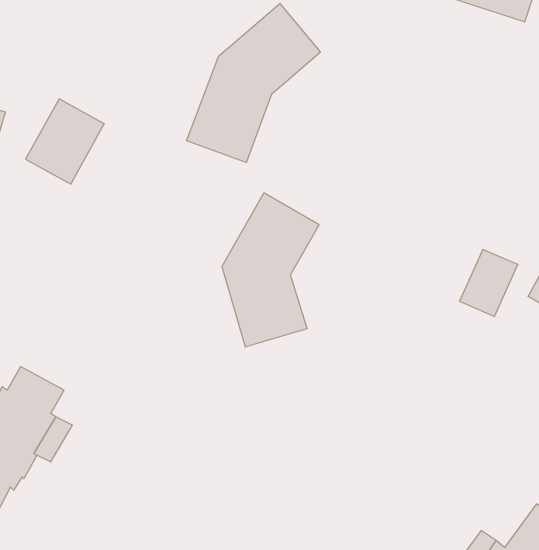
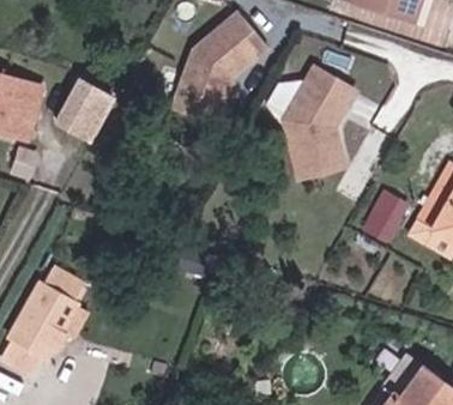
building: [222,193,319,347] -> [284,67,354,177]

